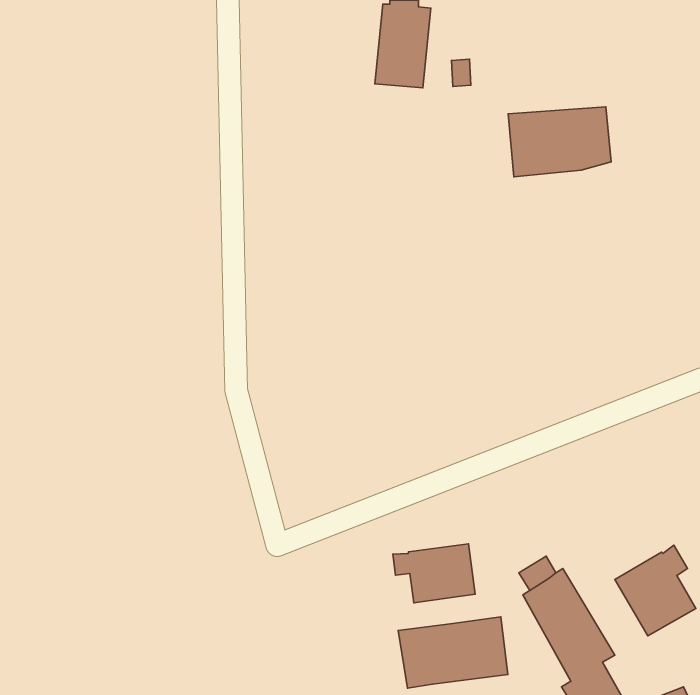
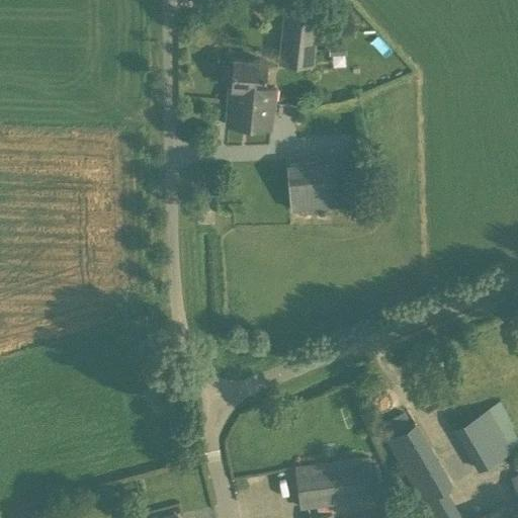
building: none -> [229,62,276,134]
building: [508,107,611,177] -> [286,162,362,213]
building: [393,544,475,603] -> none

